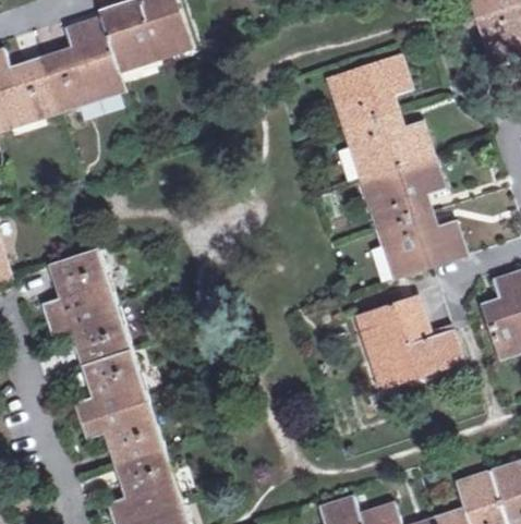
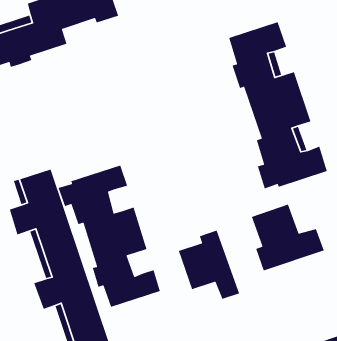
building: none -> [58,164,161,308]
building: none -> [178,230,240,300]

